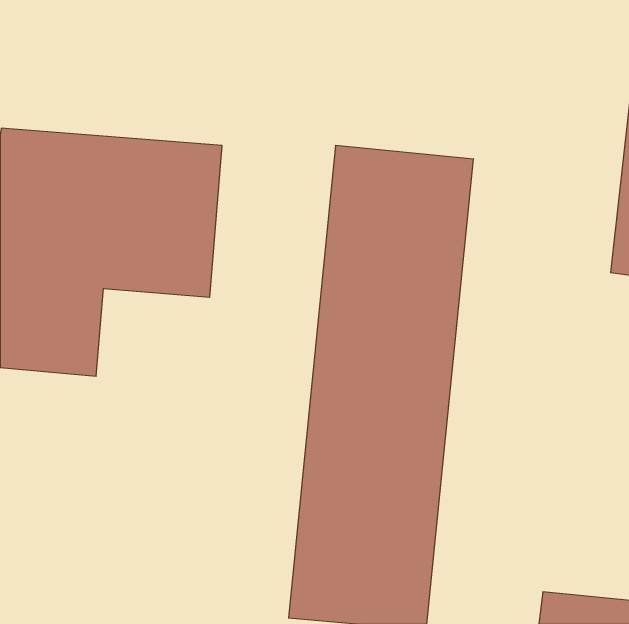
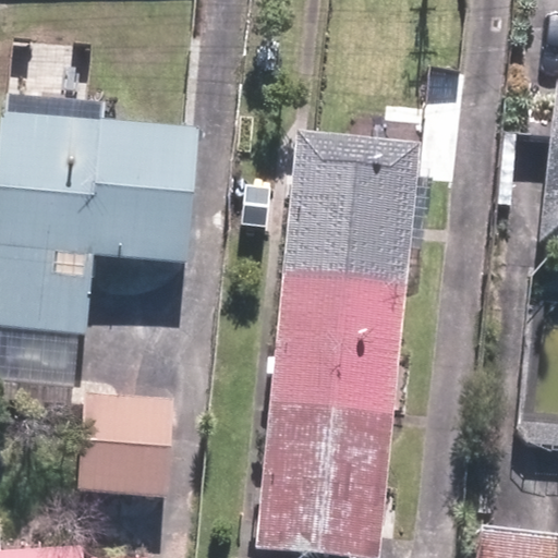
building: none -> [80,393,174,497]

